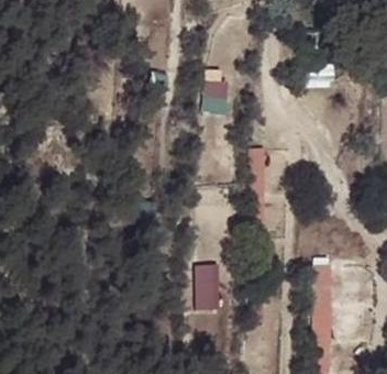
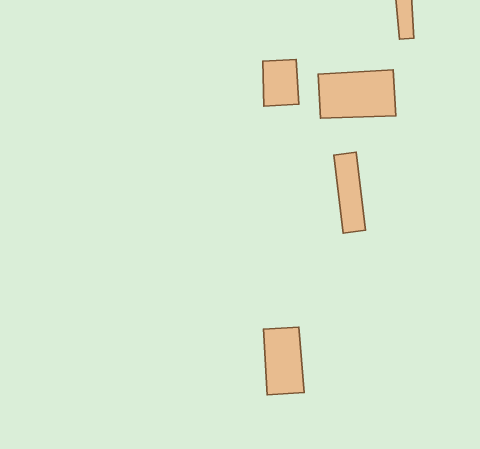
building: none -> [318,70,396,118]

